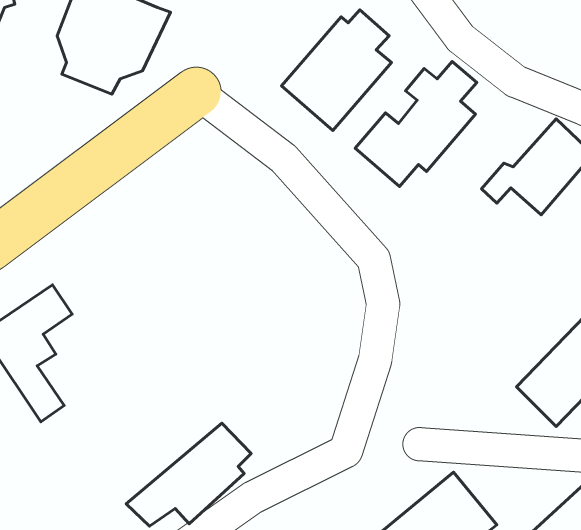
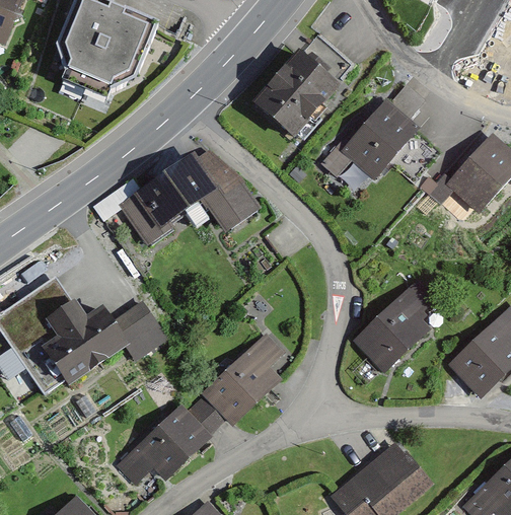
building: none -> [115,144,262,246]
building: none -> [358,278,442,375]
building: none -> [39,298,165,387]
building: none -> [199,330,290,433]

